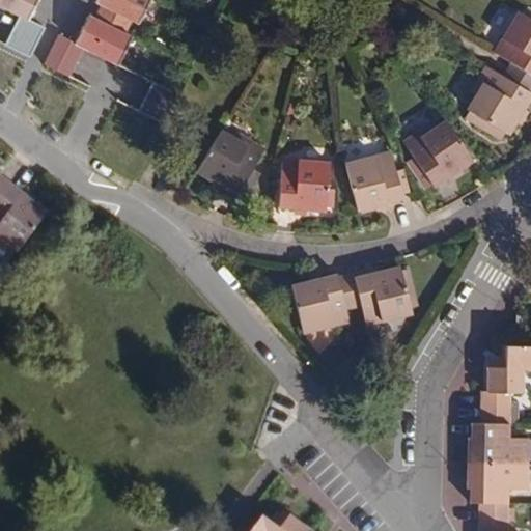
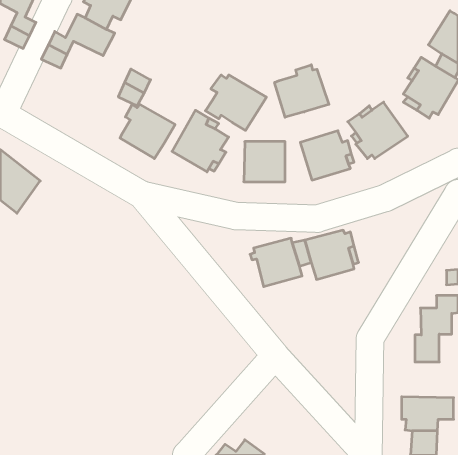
building: none -> [275,65,329,117]
building: none -> [205,75,266,130]
building: none -> [120,104,175,159]
building: [465,418,525,460] -> none

